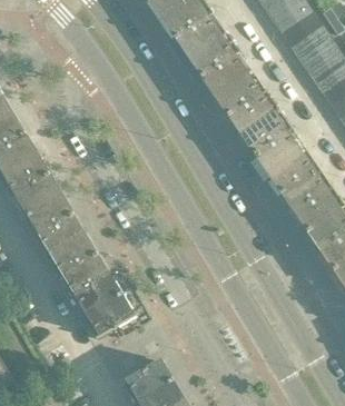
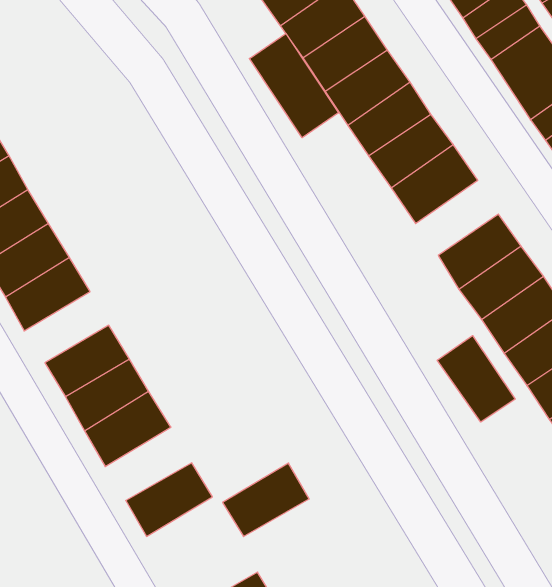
building: none -> [249,34,339,138]
building: [254,127,303,171] -> none
building: [22,192,72,235] -> none
building: none -> [437,336,515,422]
building: [70,273,121,316] -> [223,463,309,537]

